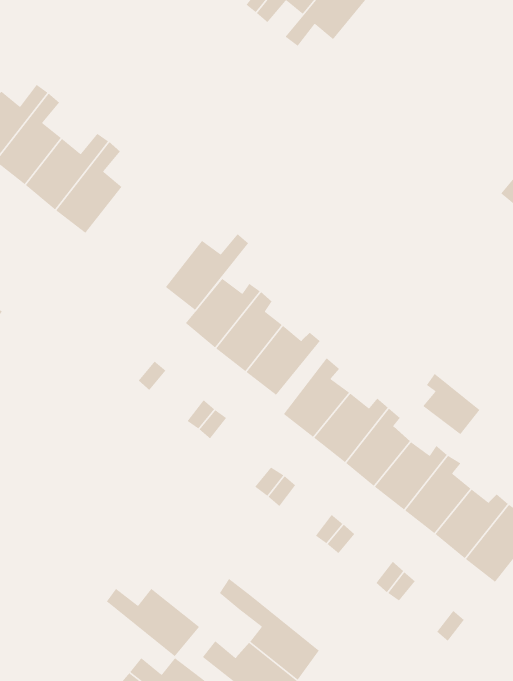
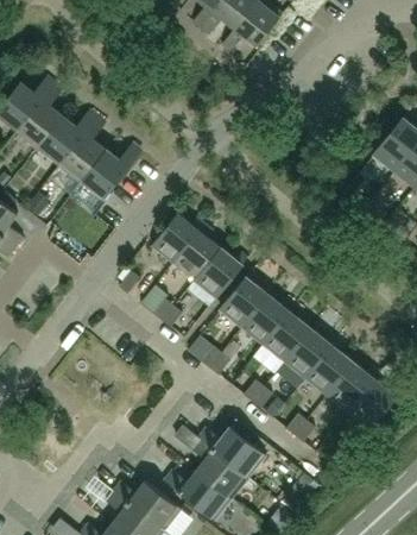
building: [165,233,249,311] -> [82,145,141,200]
building: [422,373,481,435] -> none
building: [106,588,200,657] -> [198,428,265,477]

